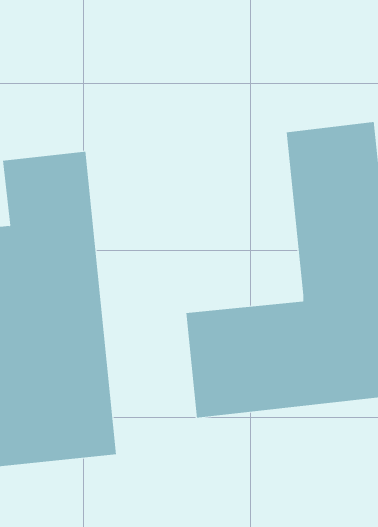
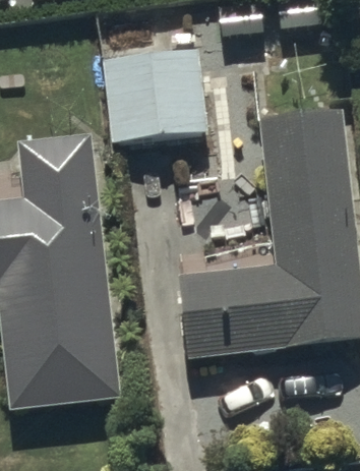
building: none -> [106,55,213,142]

